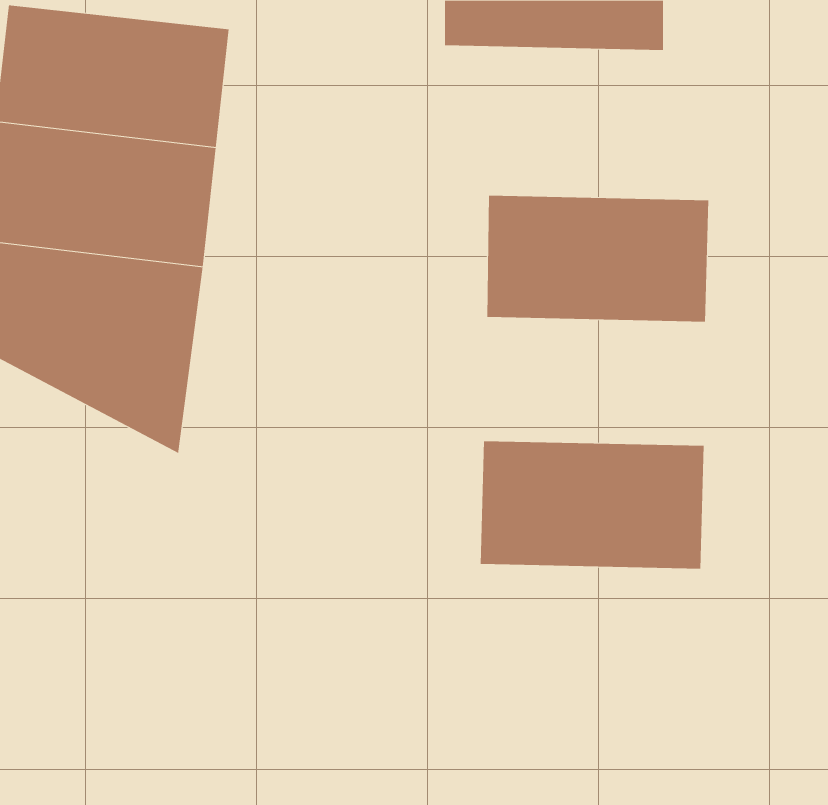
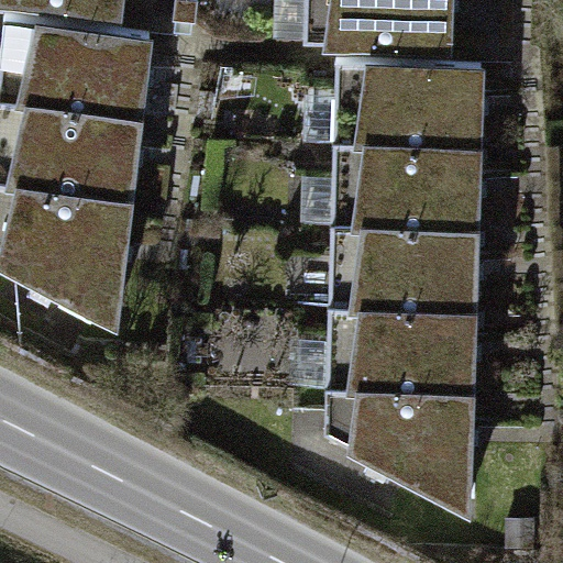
building: none -> [330,67,482,153]
building: none -> [327,232,477,319]
building: none -> [324,399,474,522]

